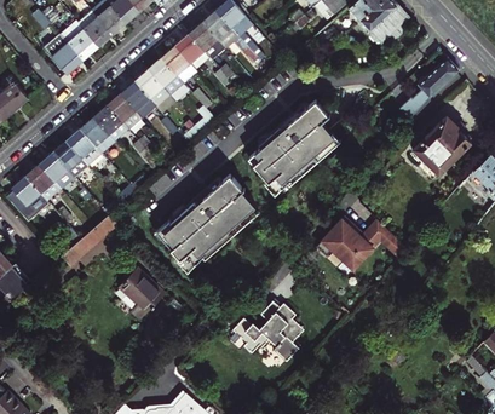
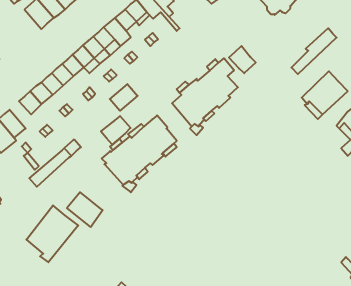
building: [44,36,80,75] -> none
building: none -> [229,46,256,73]
building: none -> [110,84,138,111]
building: [39,155,73,190] -> none
building: none -> [101,116,131,145]
building: [320,219,405,272] -> none
building: none -> [26,205,78,262]
building: [232,303,303,364] -> none

